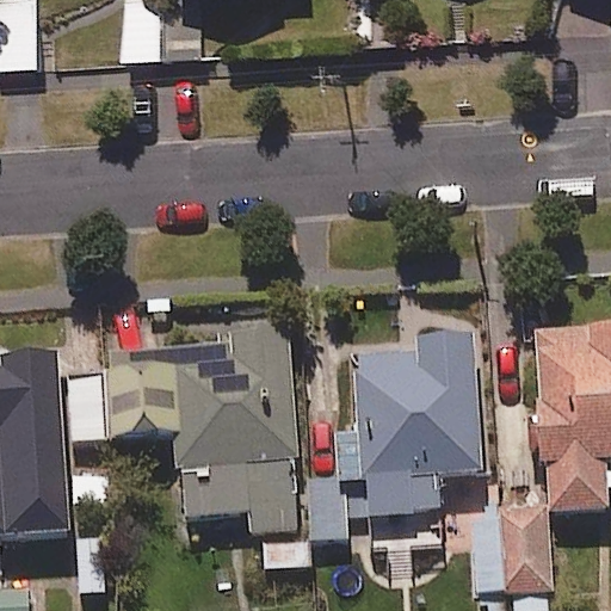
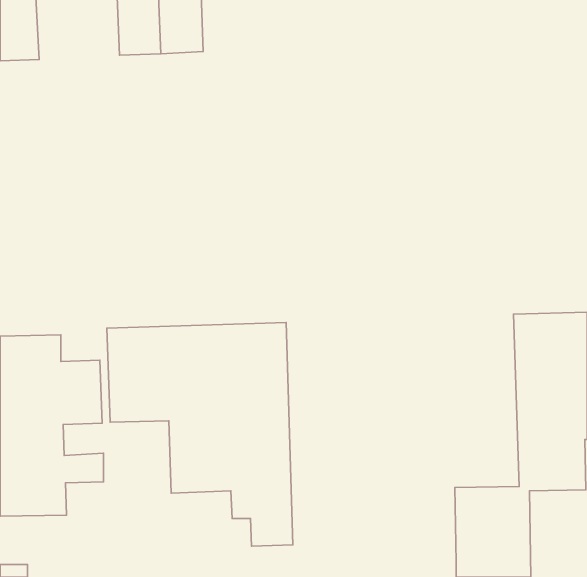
building: [308,333,481,548] -> none

